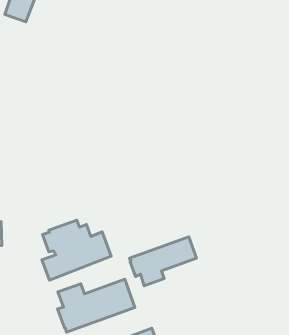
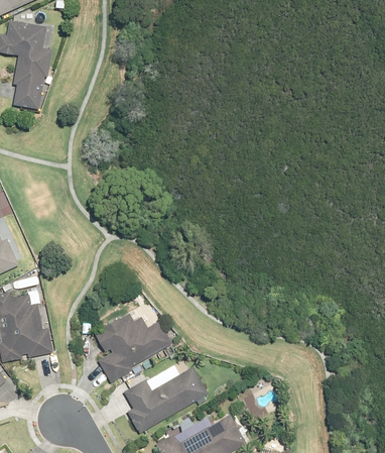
building: [129,237,197,286] -> none

